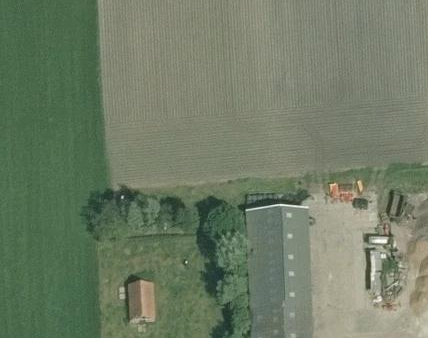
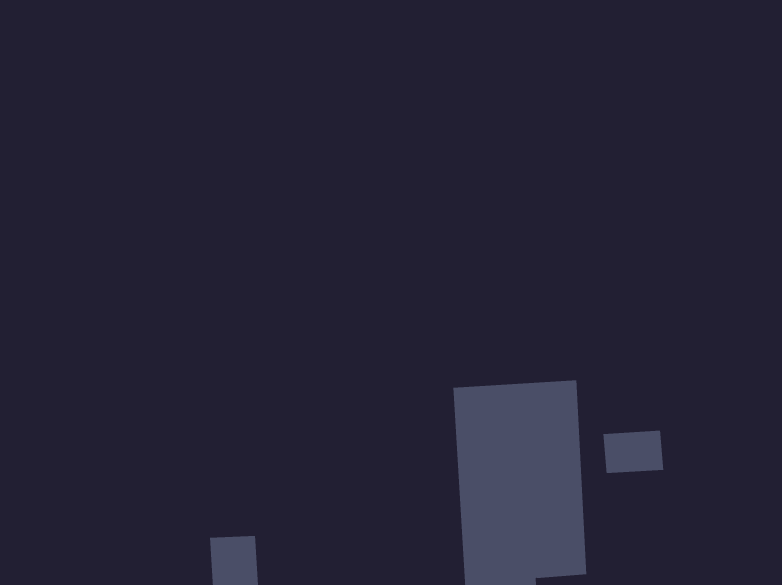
building: none -> [603,430,664,474]

